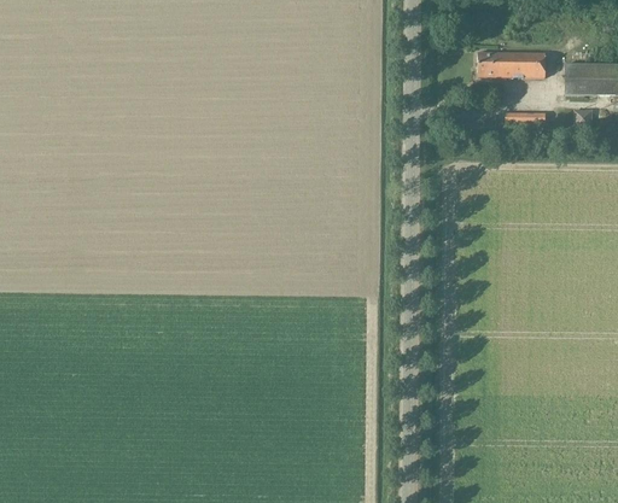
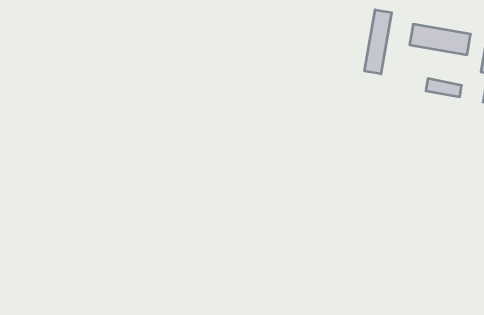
building: none -> [365,10,392,74]

